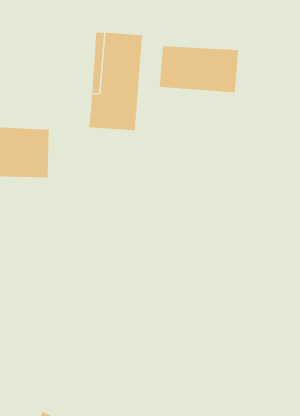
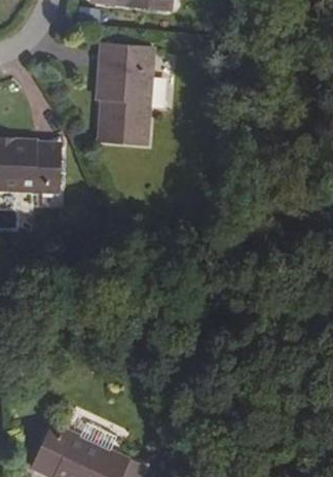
building: [159,45,239,93] -> none

